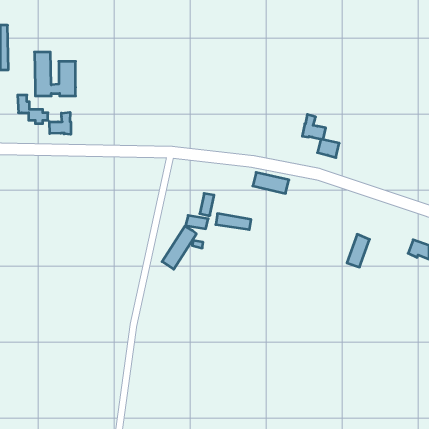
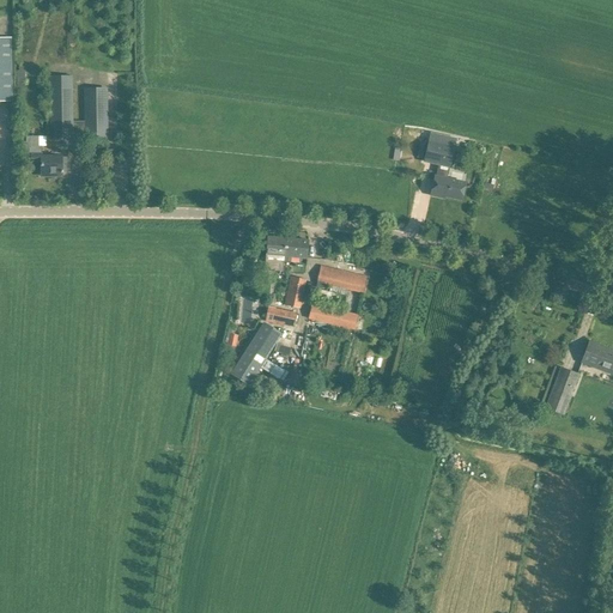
building: [50,112,71,134] -> none
building: [317,139,339,158] -> [424,140,455,166]
building: none -> [265,236,309,267]
building: [253,172,289,193] -> [316,263,368,293]
building: [347,234,370,267] -> [546,366,578,413]

